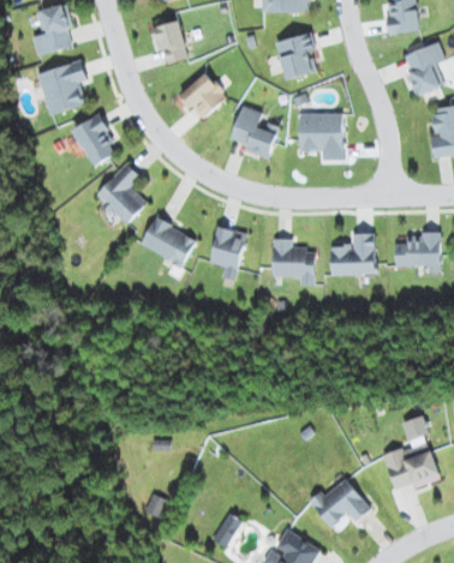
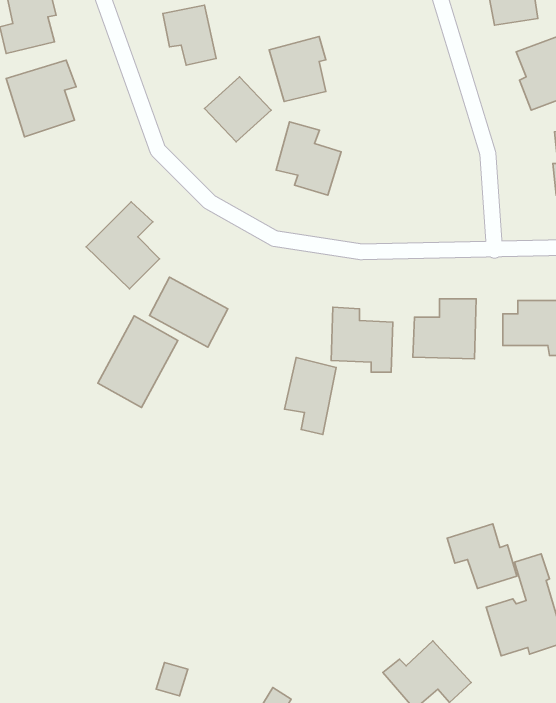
building: [274,32,315,79] -> [269,37,326,102]
building: [298,113,341,160] -> none
building: [72,114,114,166] -> none
building: [208,226,245,281] -> [285,358,336,434]
building: none -> [98,316,178,408]
building: none -> [447,524,517,589]

